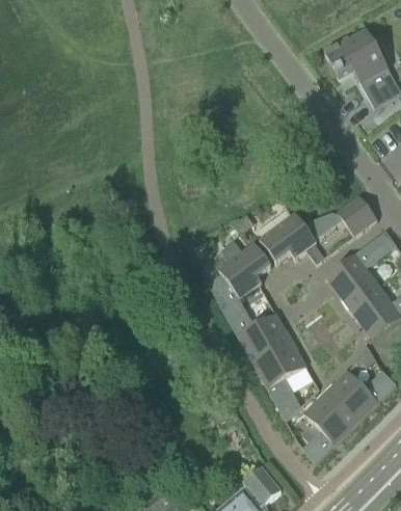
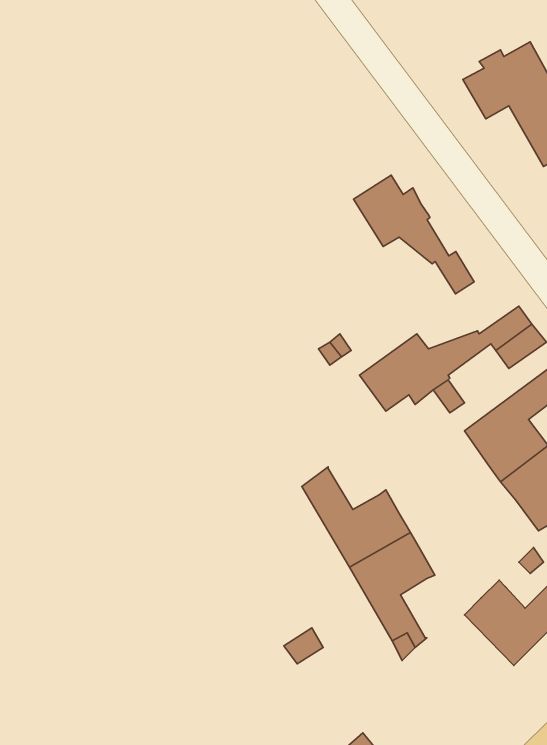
building: none -> [354,175,474,294]
building: [208,244,271,311] -> none
building: [302,392,356,463] -> none

